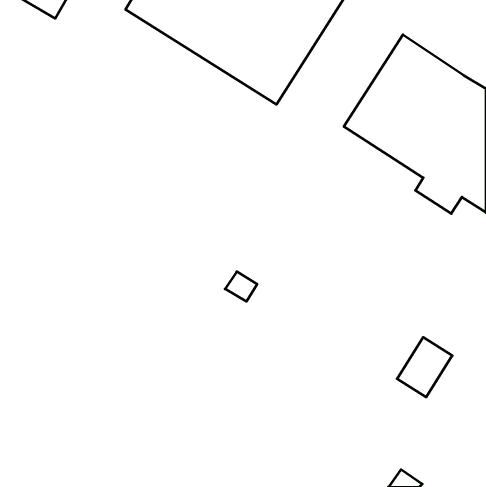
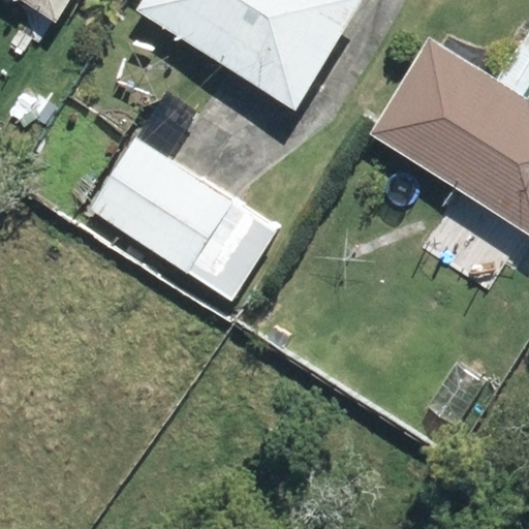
building: none -> [90,134,280,298]

